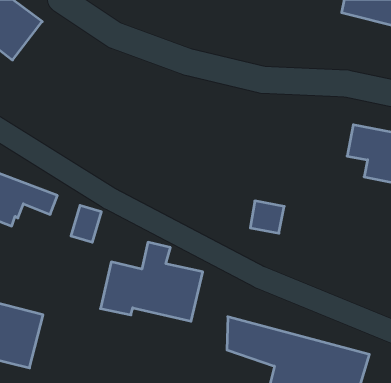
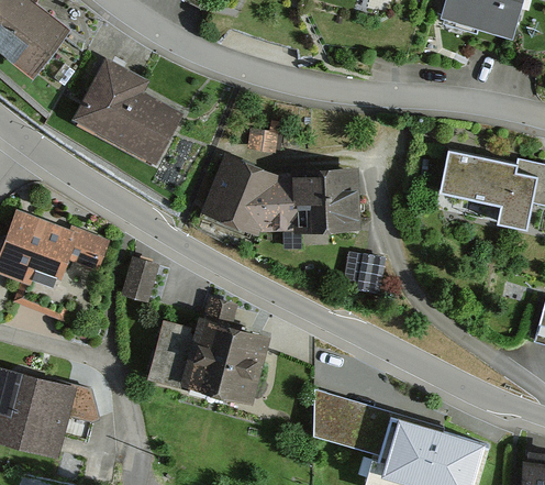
building: none -> [85,65,181,155]
building: none -> [212,159,363,234]

